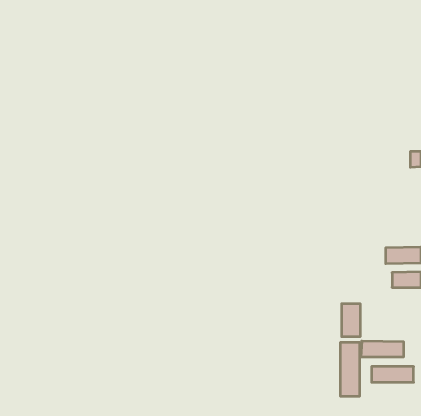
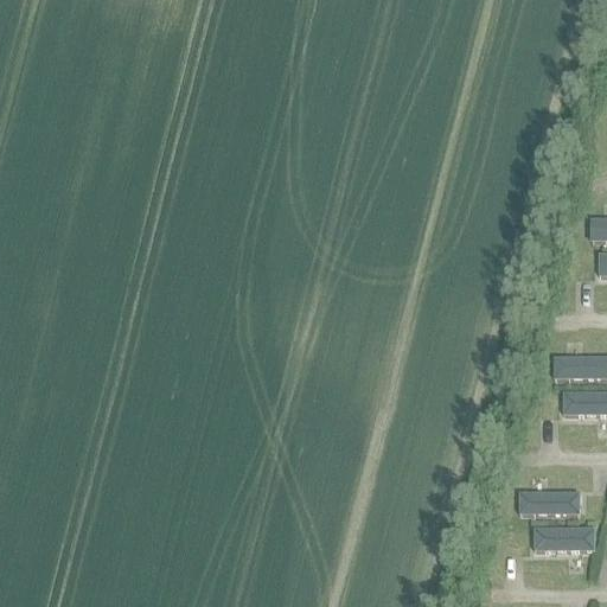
building: [342,304,360,337] -> none
building: [341,342,359,396] -> none

